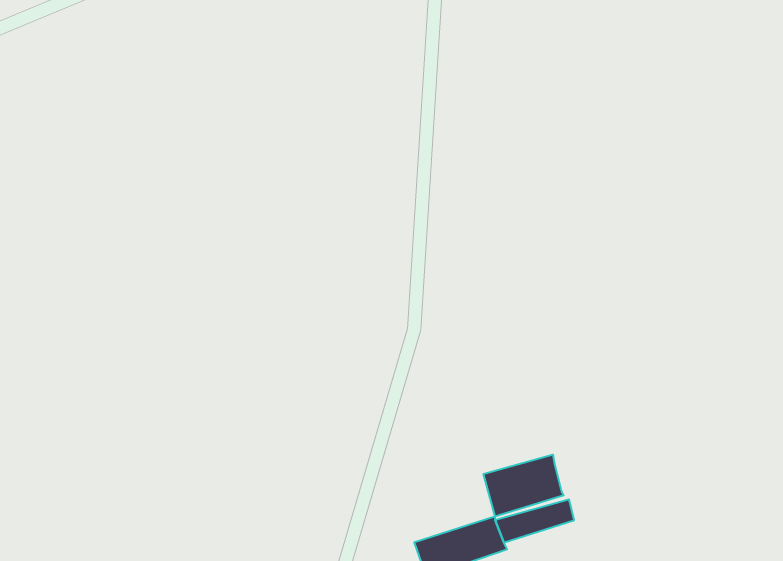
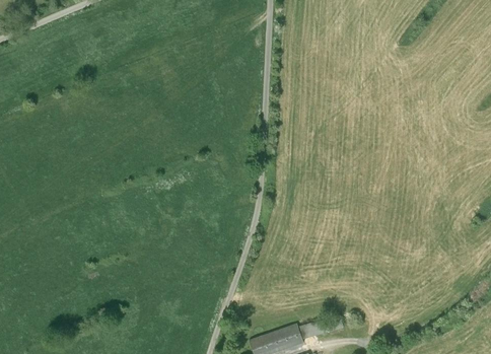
building: [483,455,564,517] -> none

